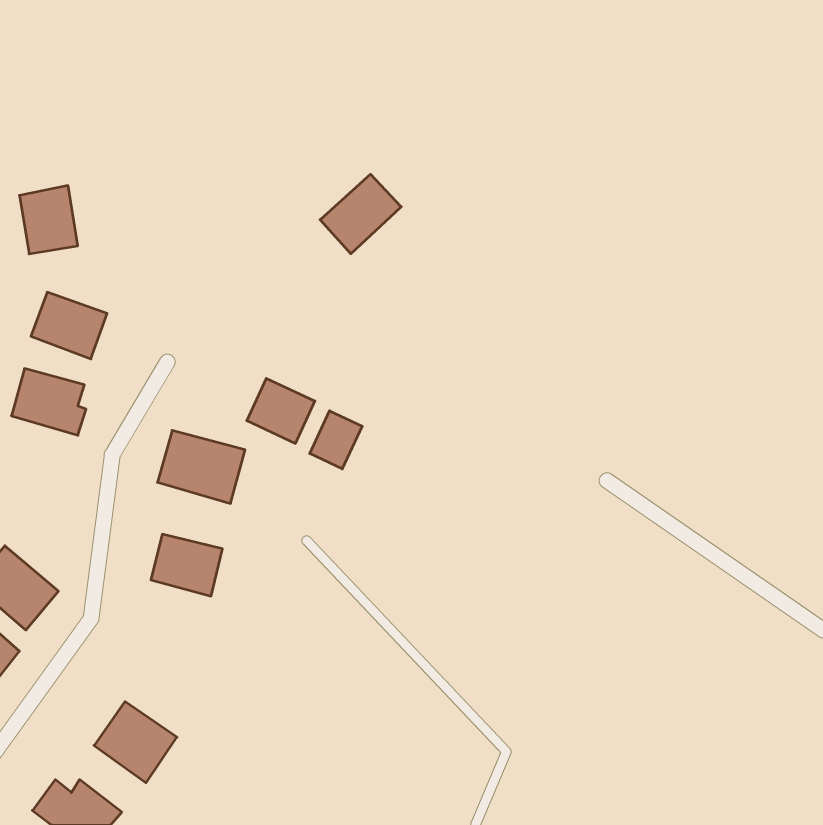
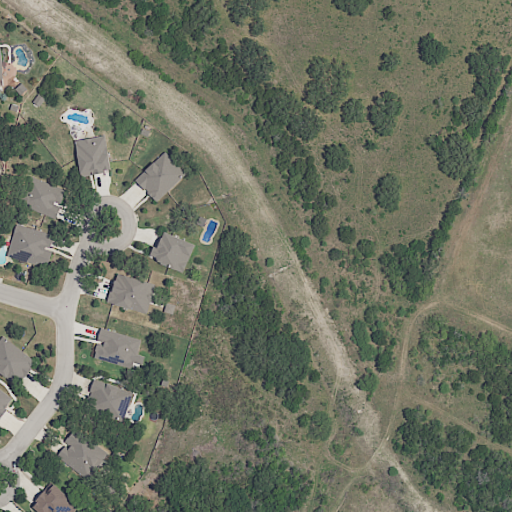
building: [320,174,401,254] -> [135,152,185,201]
building: [19,186,78,254] -> [74,136,110,178]
building: [310,411,362,469] -> none
building: none -> [81,378,131,415]

